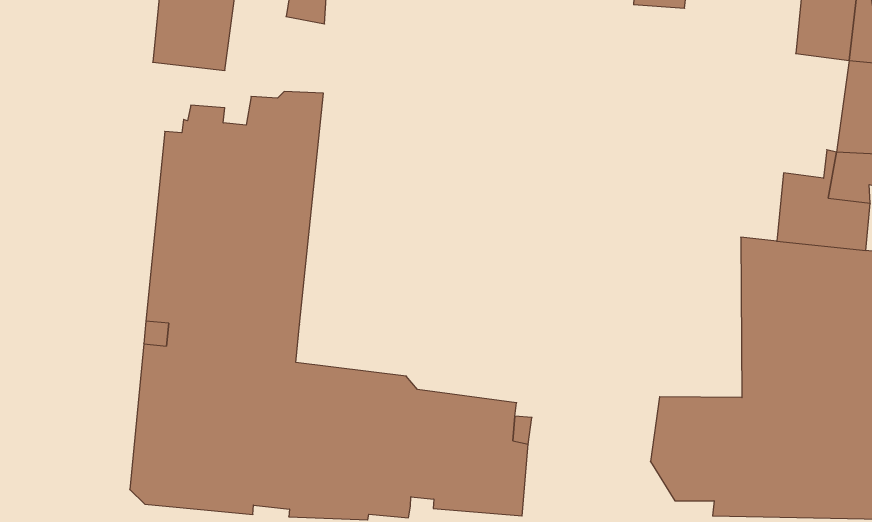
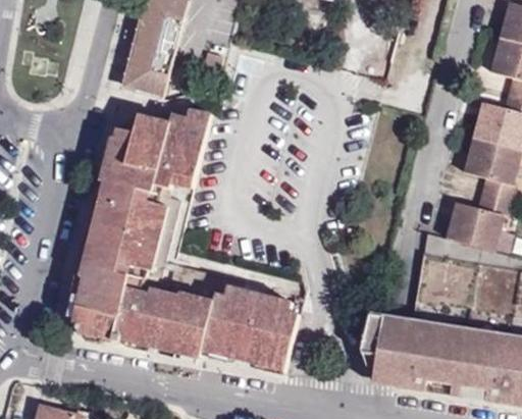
building: none -> [464,137,501,194]

